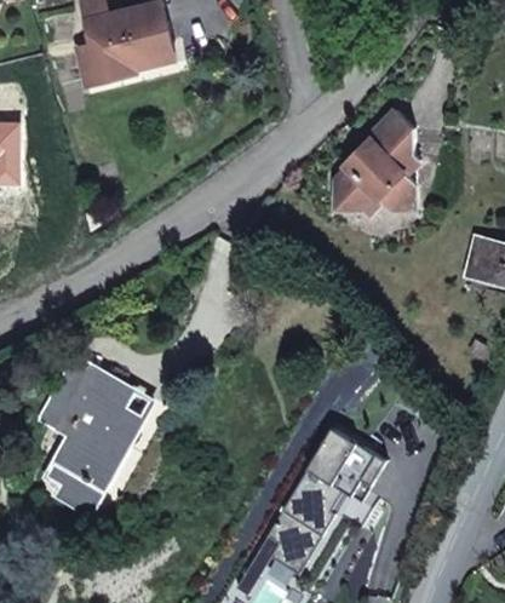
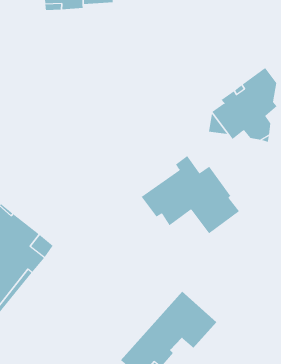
building: none -> [141,155,240,234]

